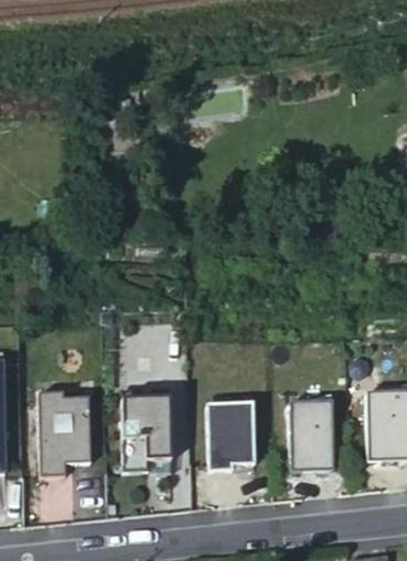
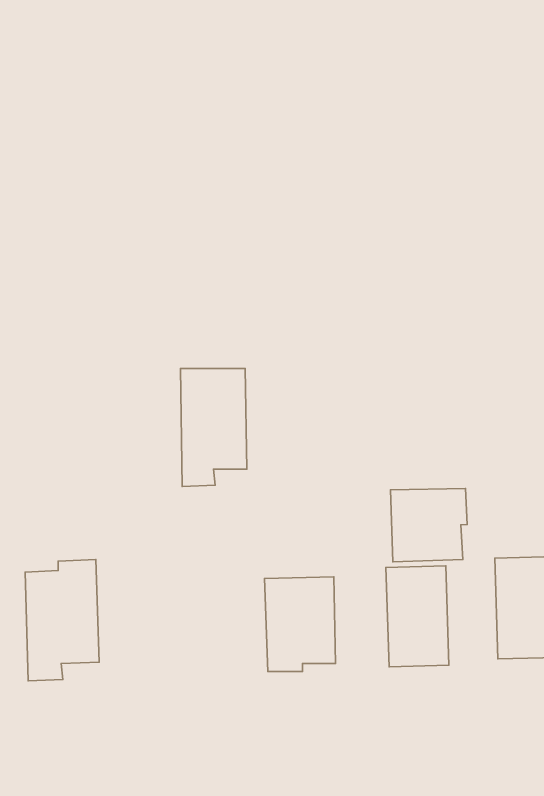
building: none -> [391,488,467,562]
building: [124,386,170,468] -> [180,368,247,487]

